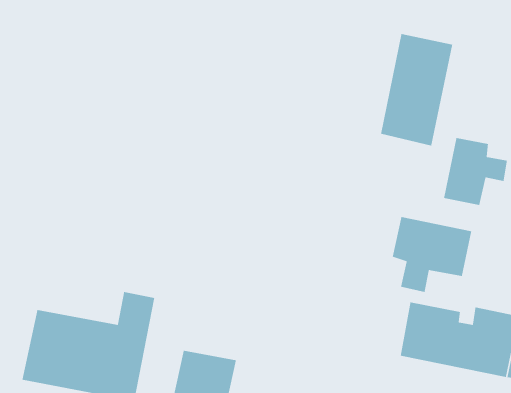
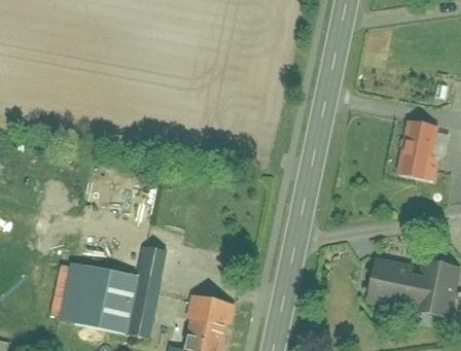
building: [380,33,453,147] -> none
building: [392,216,472,293] -> none

